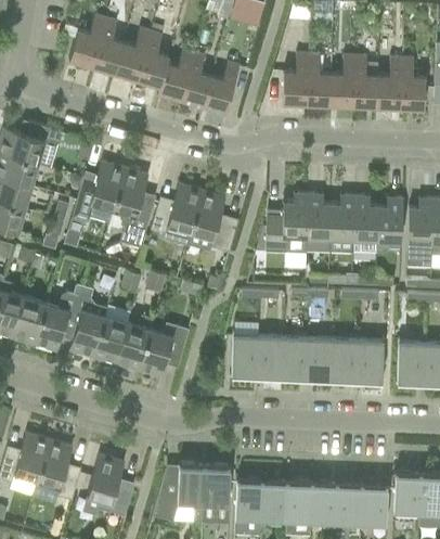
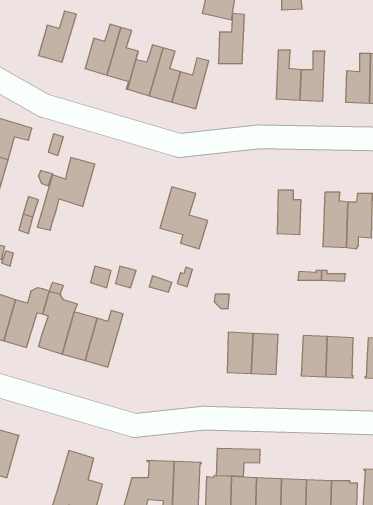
building: [92,18,124,73] -> none
building: [282,53,308,103] -> [218,14,244,63]
building: [352,55,376,106] -> none
building: [113,168,154,247] -> none
building: [151,183,202,245] -> none
building: [256,193,308,254] -> none
building: [329,195,354,251] -> none
building: [138,325,189,377] -> none
building: [229,331,258,376] -> none
building: [306,338,333,380] -> none
building: [37,439,80,500] -> none
building: none -> [216,448,260,477]

